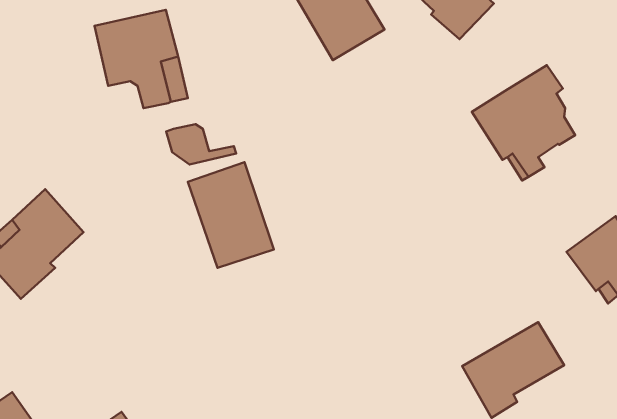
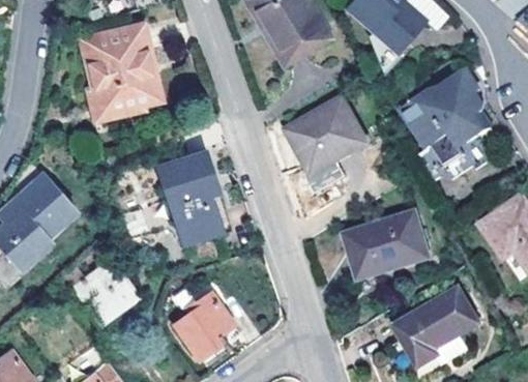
building: none -> [286,98,365,193]
building: [166,124,236,165] -> [88,84,147,118]
building: none -> [345,213,429,280]
building: none -> [74,262,138,325]
building: none -> [175,292,235,359]

